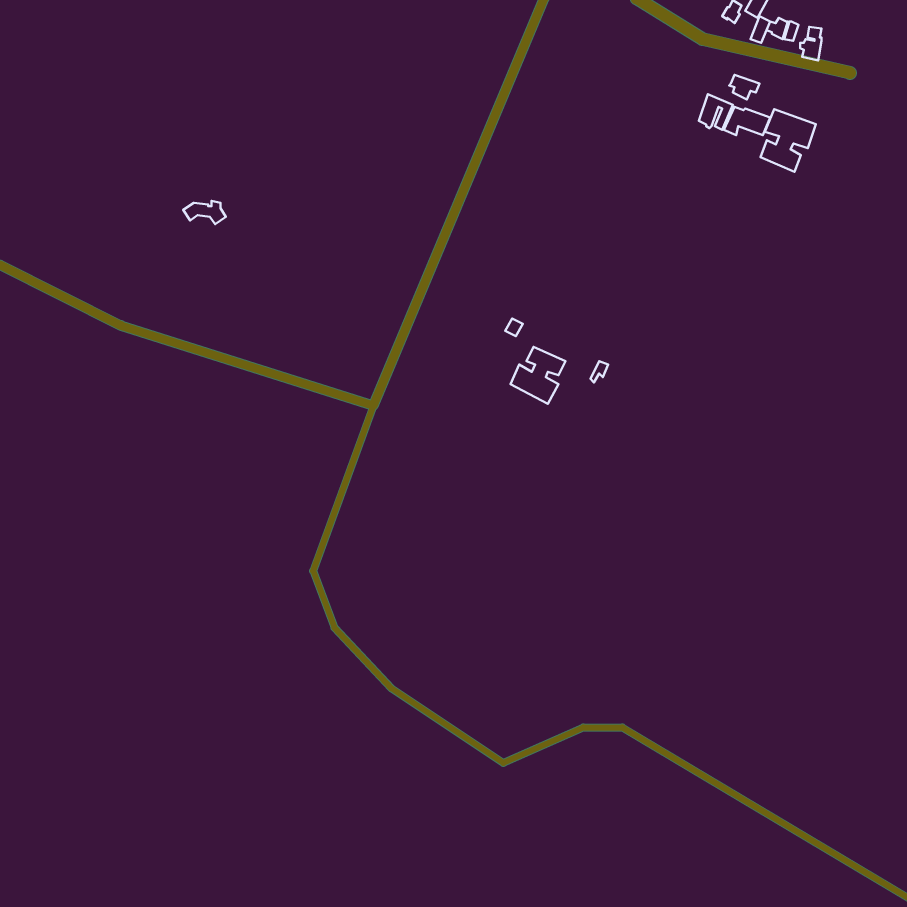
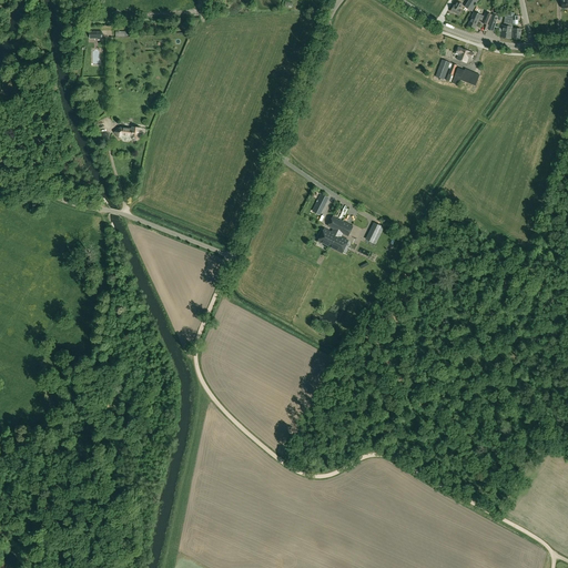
building: [761,109,816,172] -> none

